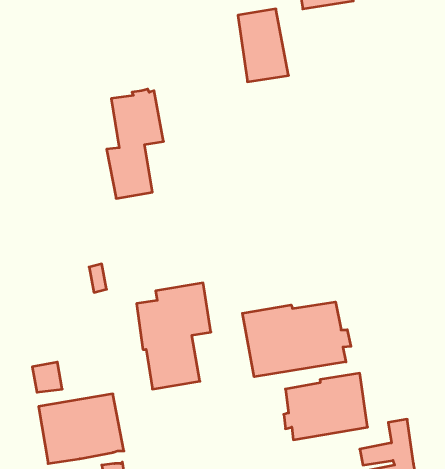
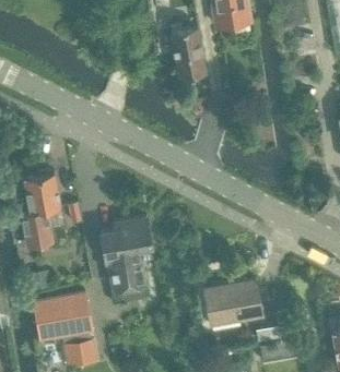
building: [107,89,164,198] -> [21,170,60,245]
building: [242,302,351,377] -> none

